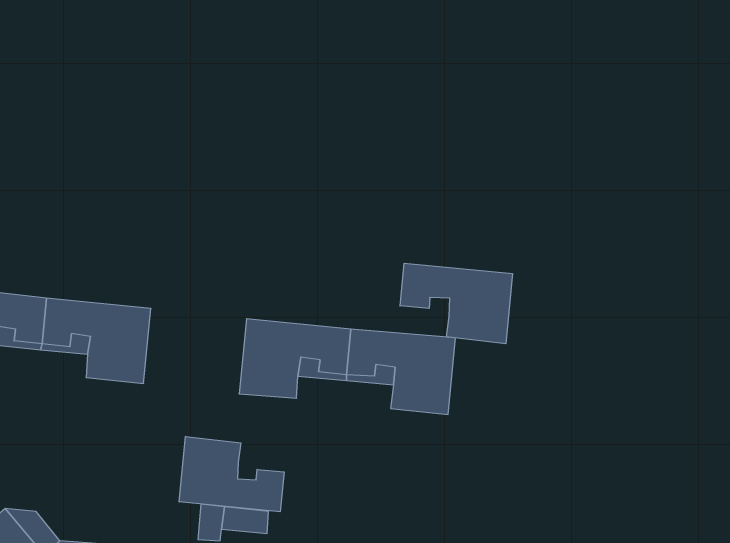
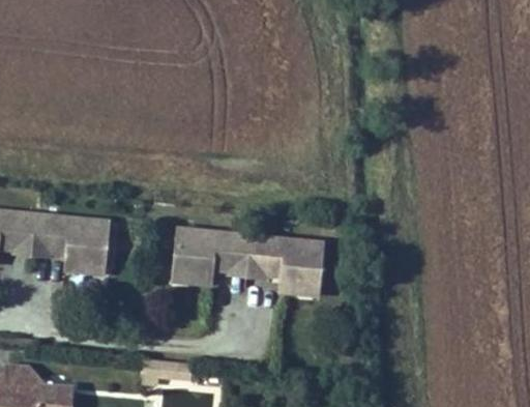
building: [400,263,512,344] -> none
building: [179,436,284,512] -> none

